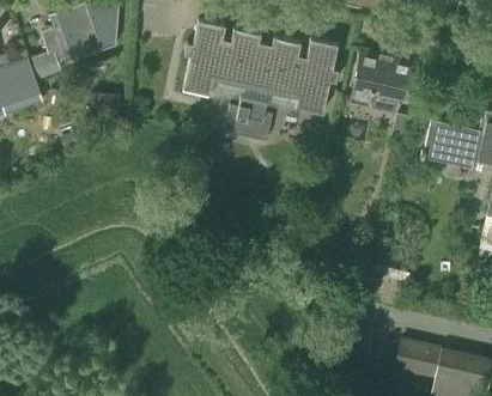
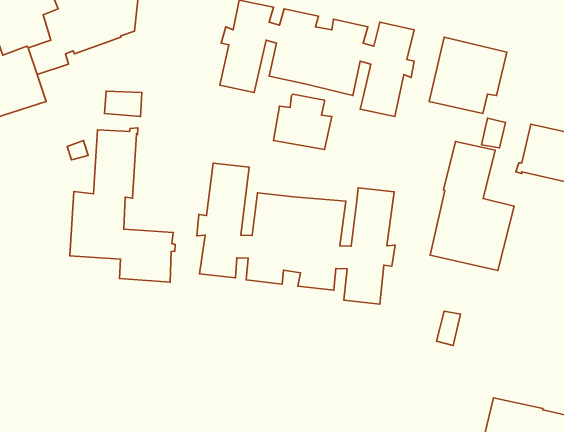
building: none -> [70,128,175,282]
building: none -> [430,141,514,271]
building: none -> [197,163,395,304]

